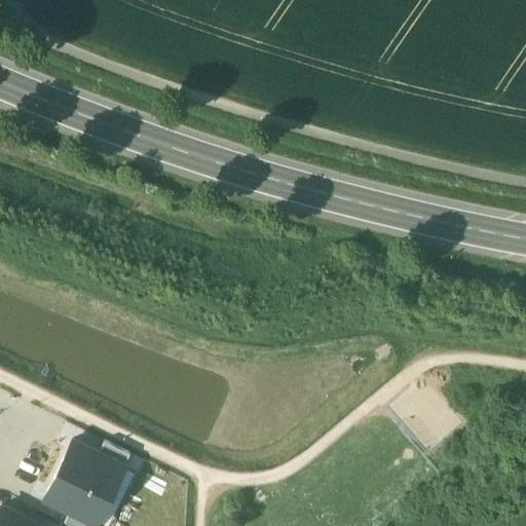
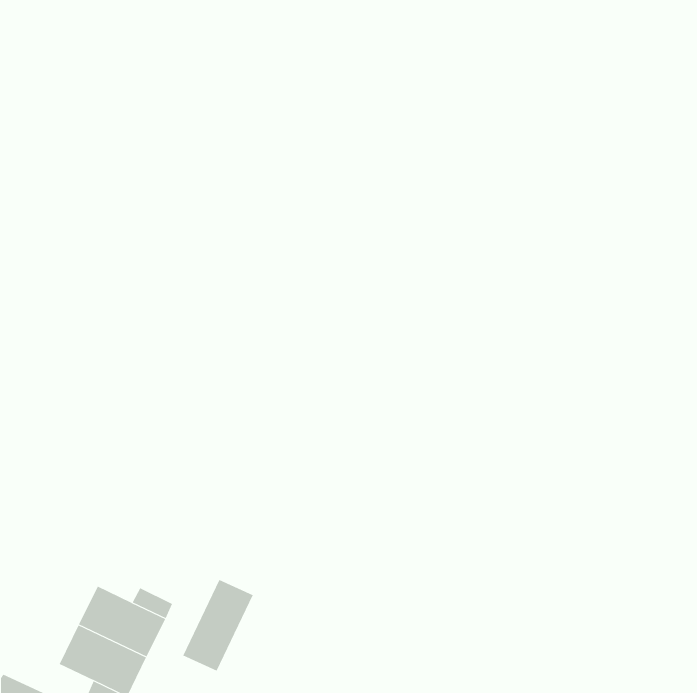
building: none -> [182,579,254,671]

